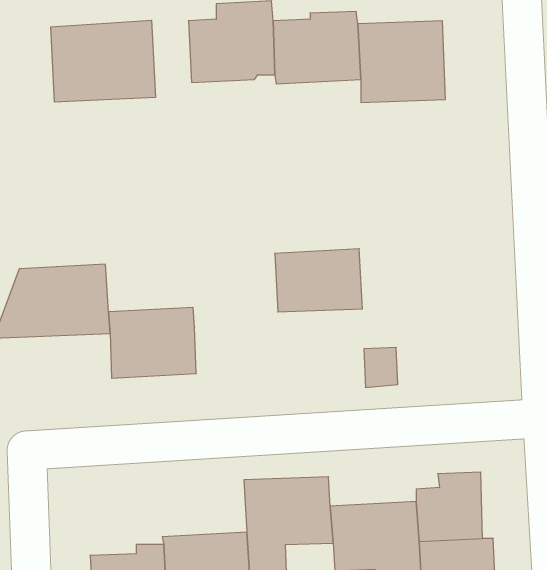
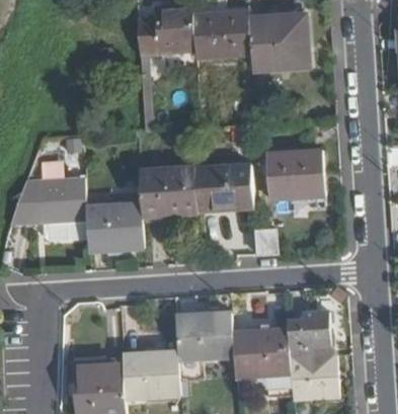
building: [51,20,155,102] -> none
building: none -> [266,149,325,198]
building: none -> [140,164,197,217]

